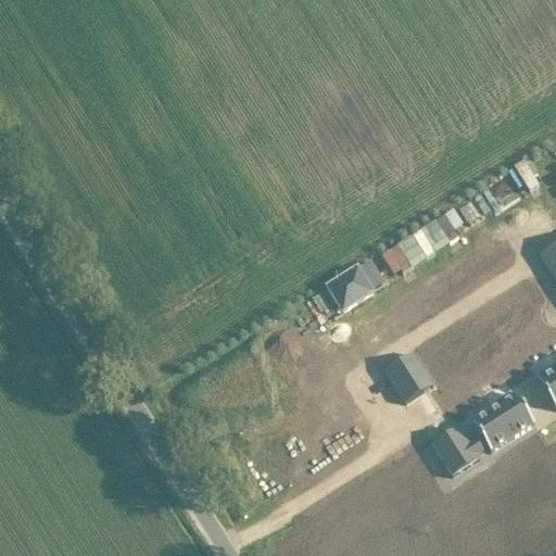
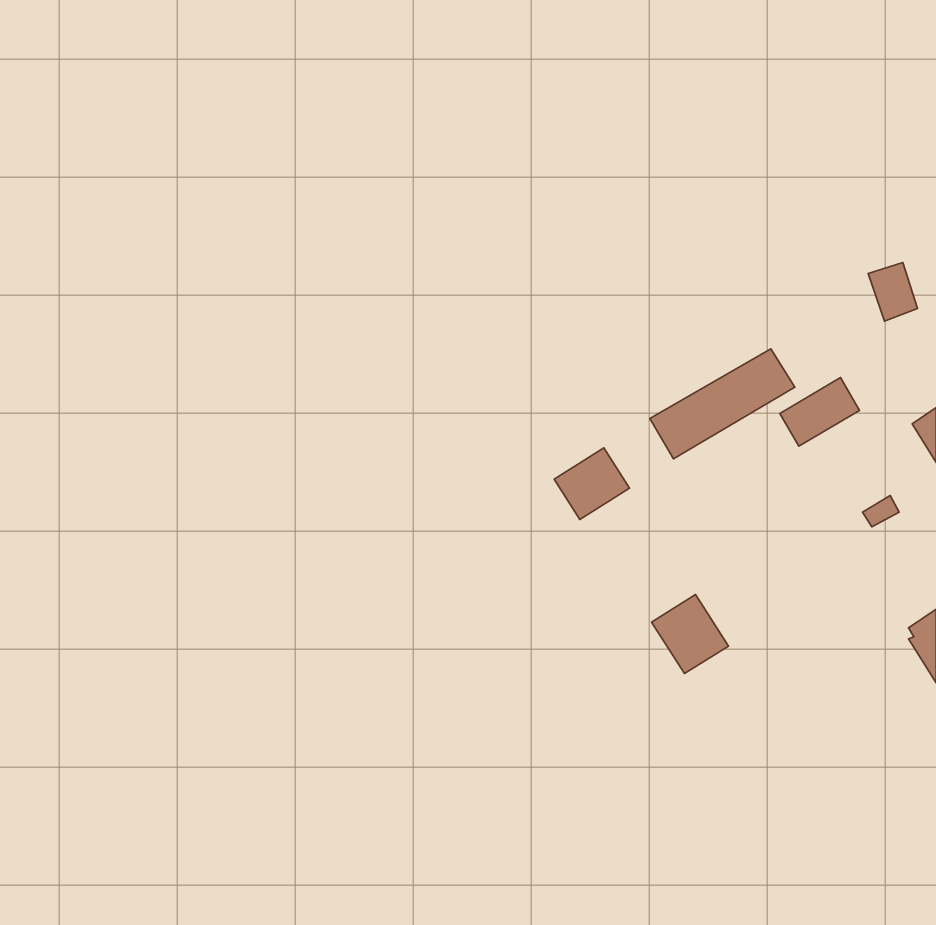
building: none -> [780,378,860,446]
building: [431,392,534,473] -> none

